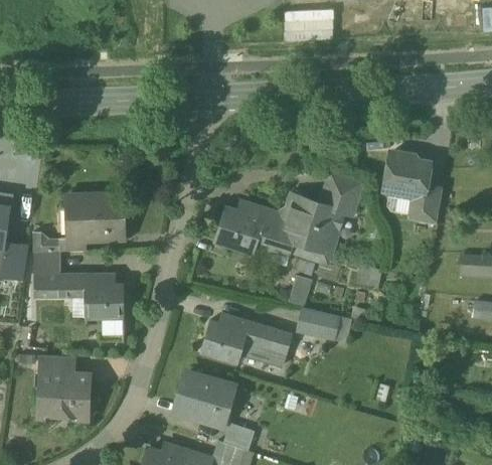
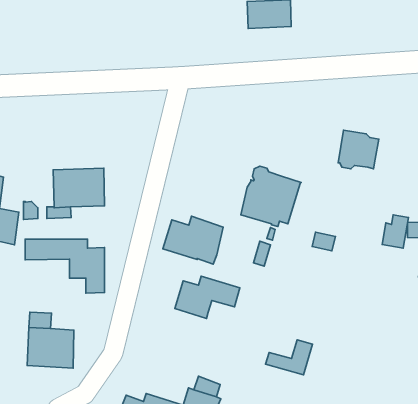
building: [321,172,362,214] -> none
building: [414,184,443,221] -> [382,215,408,248]
building: [215,203,283,257] -> [163,216,223,264]
building: [34,252,60,274] -> none
building: [298,307,340,340] -> none
building: [239,328,292,367] -> [265,340,312,375]
building: [174,373,235,425] -> none

